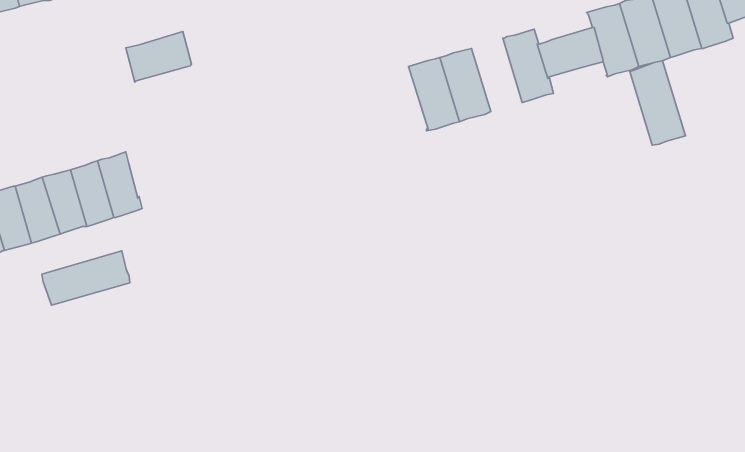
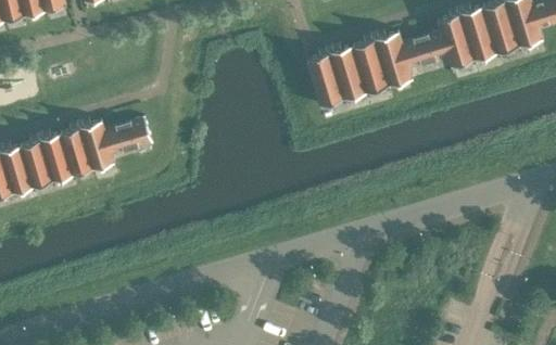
building: [126,31,192,82] -> [104,119,152,156]
building: none -> [353,40,390,93]
building: [630,61,686,145] -> none
building: [42,251,130,305] -> none

